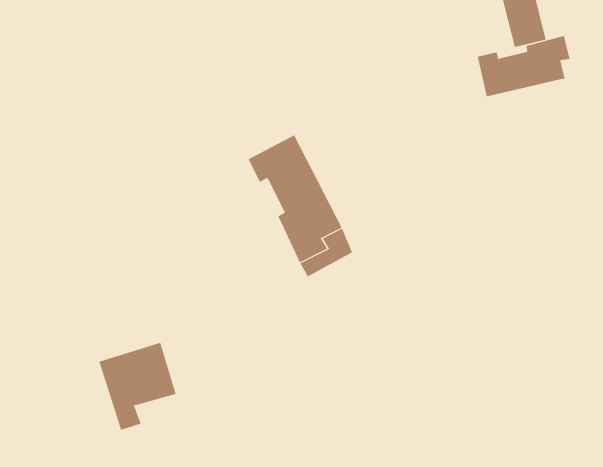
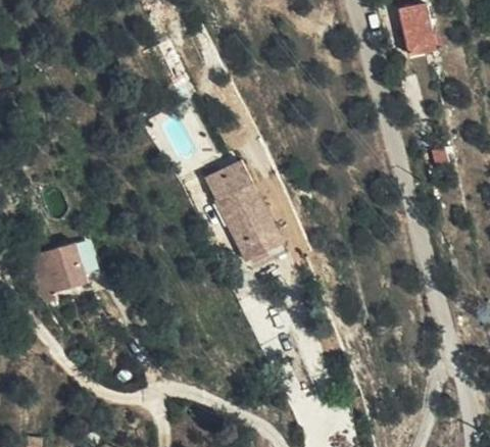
building: [477,35,570,97] -> none
building: [99,342,176,430] -> [24,244,86,313]

